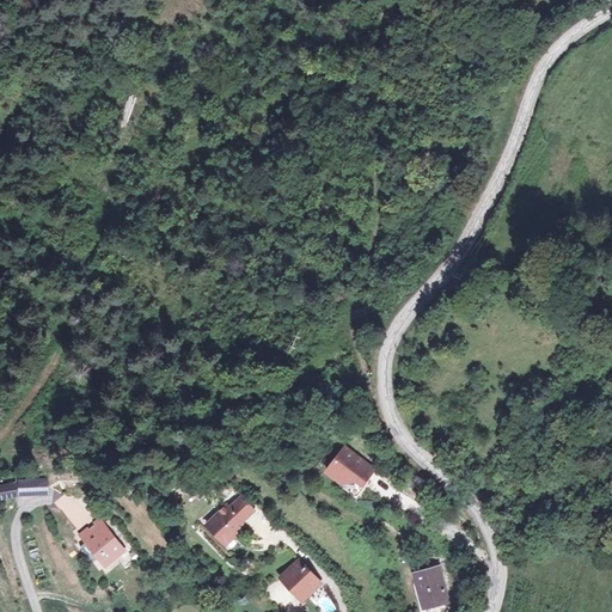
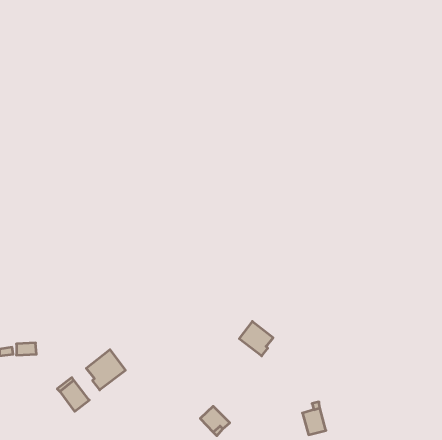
building: none -> [86,350,125,390]
building: [207,492,253,537] -> none

